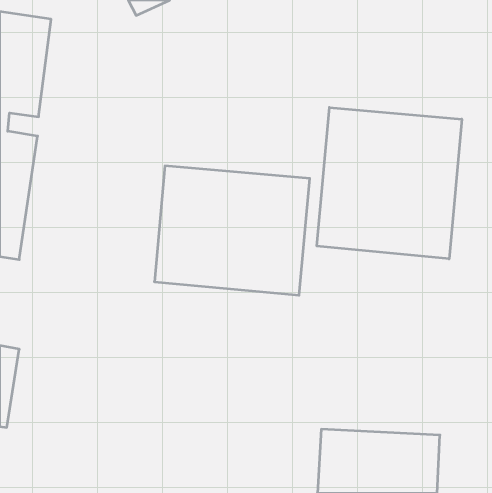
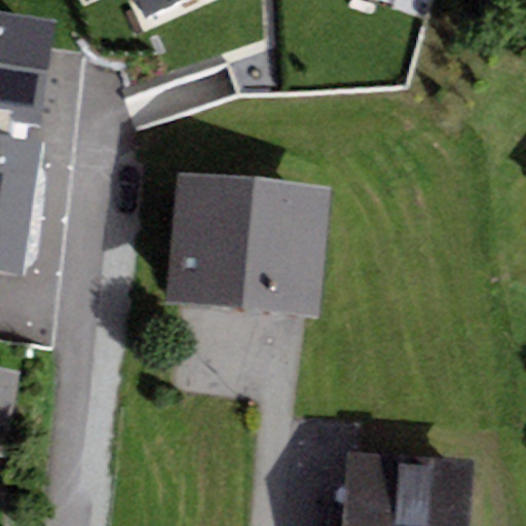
building: [317,107,462,259] -> none

